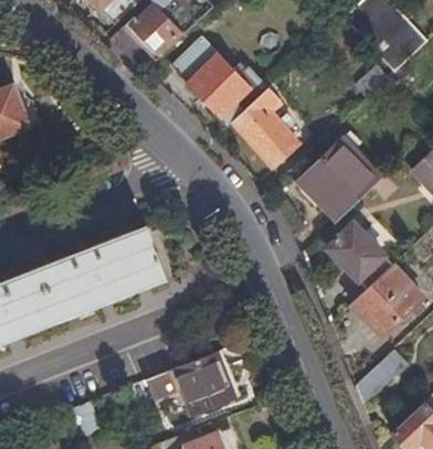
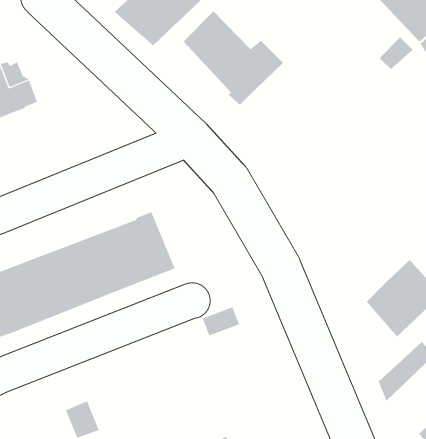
building: [233,86,300,165] -> none
building: [302,136,383,218] -> none
building: [328,223,392,290] -> none
building: [147,351,237,415] -> none

